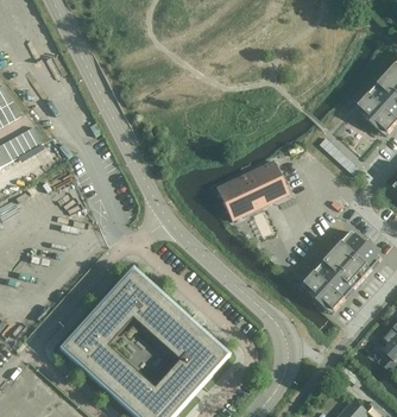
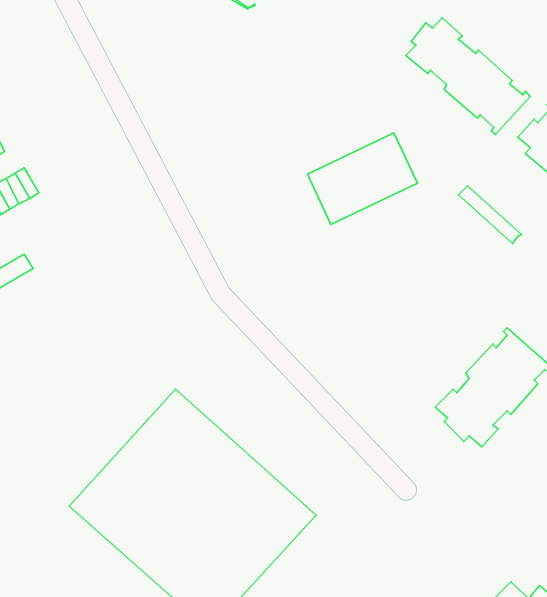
building: none -> [406,18,530,134]
building: [215,159,288,220] -> [307,133,417,225]

